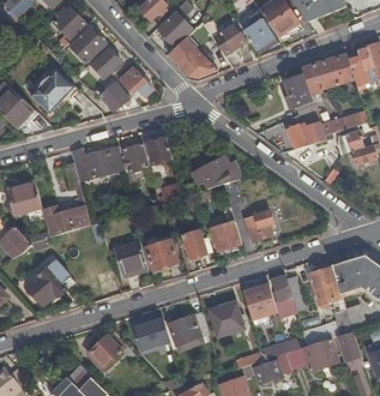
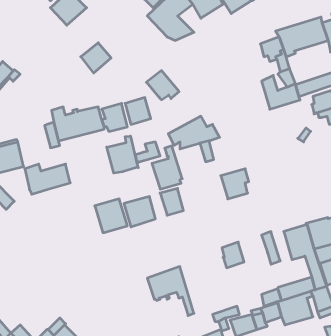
building: [89,47,121,78] -> none
building: [29,67,73,112] -> none
building: [117,68,151,98] -> [146,71,179,100]
building: none -> [107,136,138,173]
building: [210,210,241,254] -> [152,146,182,189]
building: [24,259,73,305] -> none
building: [270,275,295,316] -> none
building: [209,301,242,336] -> none
building: [133,318,169,348] -> none
building: [89,330,127,367] -> none

